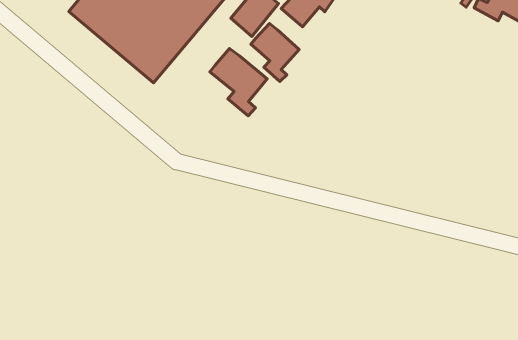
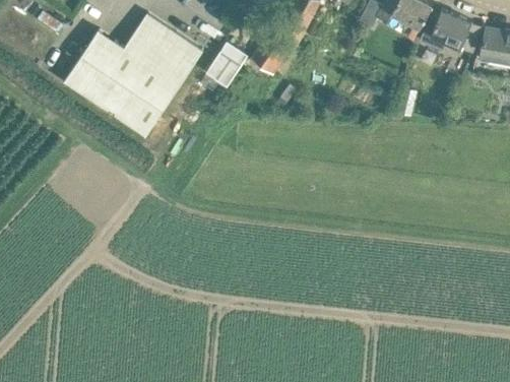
building: [251,24,299,82] -> none
building: [210,49,267,116] -> none

